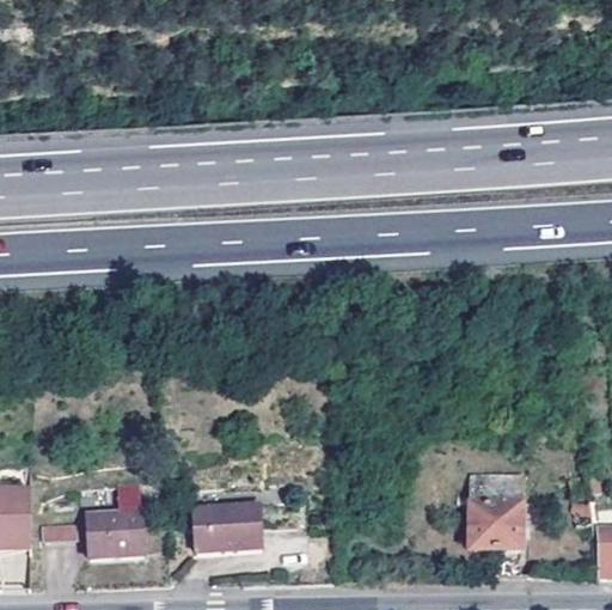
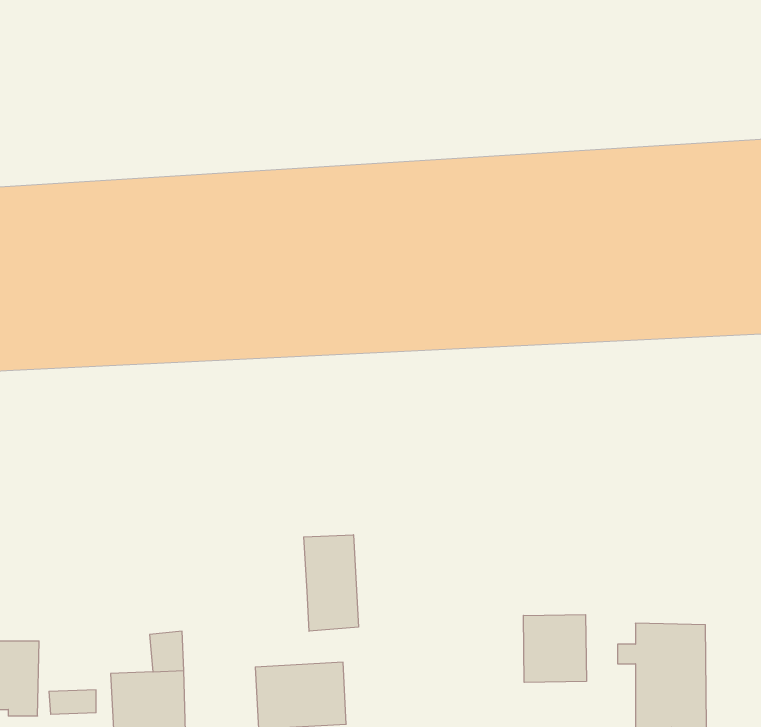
building: none -> [304,535,358,631]
building: none -> [523,615,586,682]

